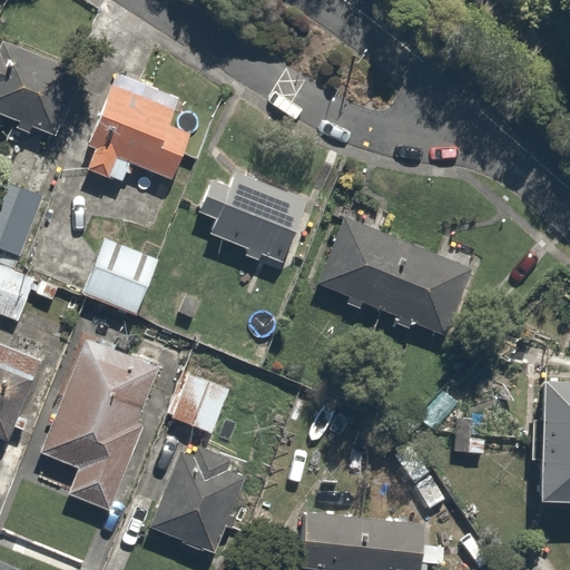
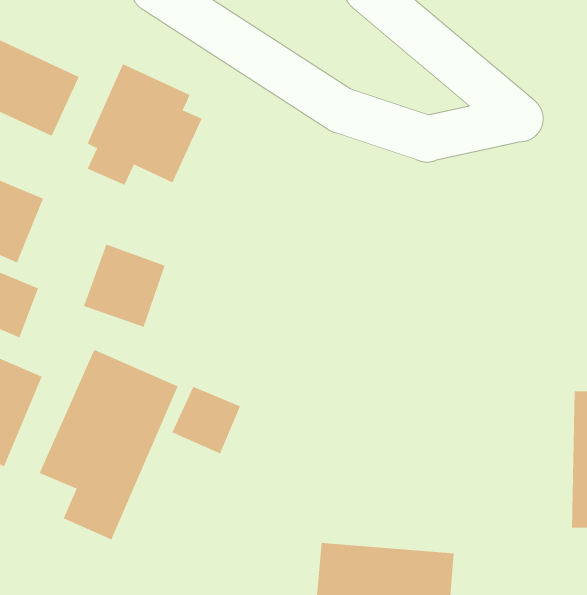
building: [193,174,308,263] -> none
building: [318,217,476,338] -> none
building: [145,436,249,561] -> none

